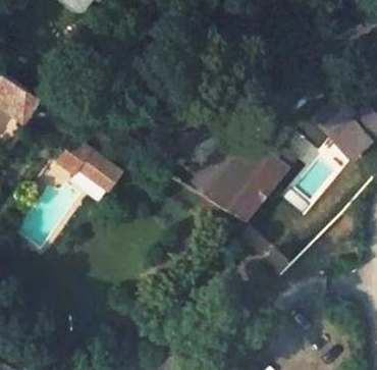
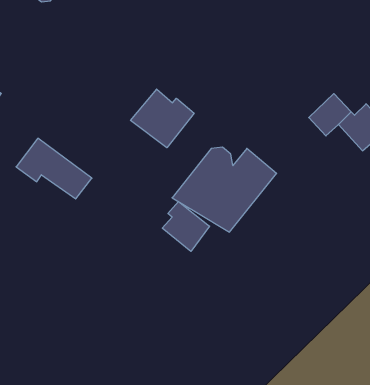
building: none -> [131,89,194,148]
building: none -> [162,202,210,251]

